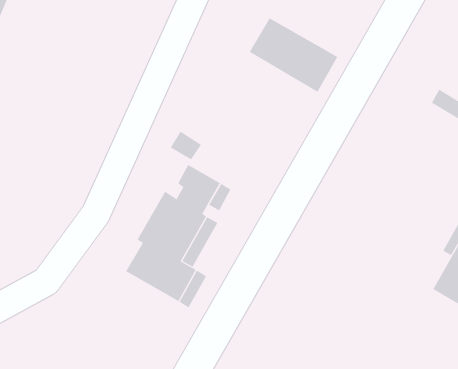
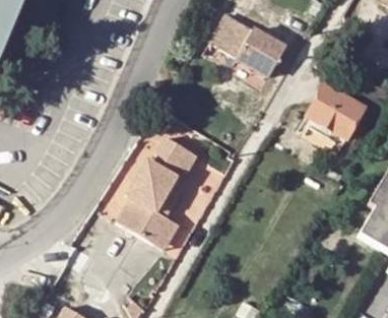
building: none -> [307,82,370,138]

